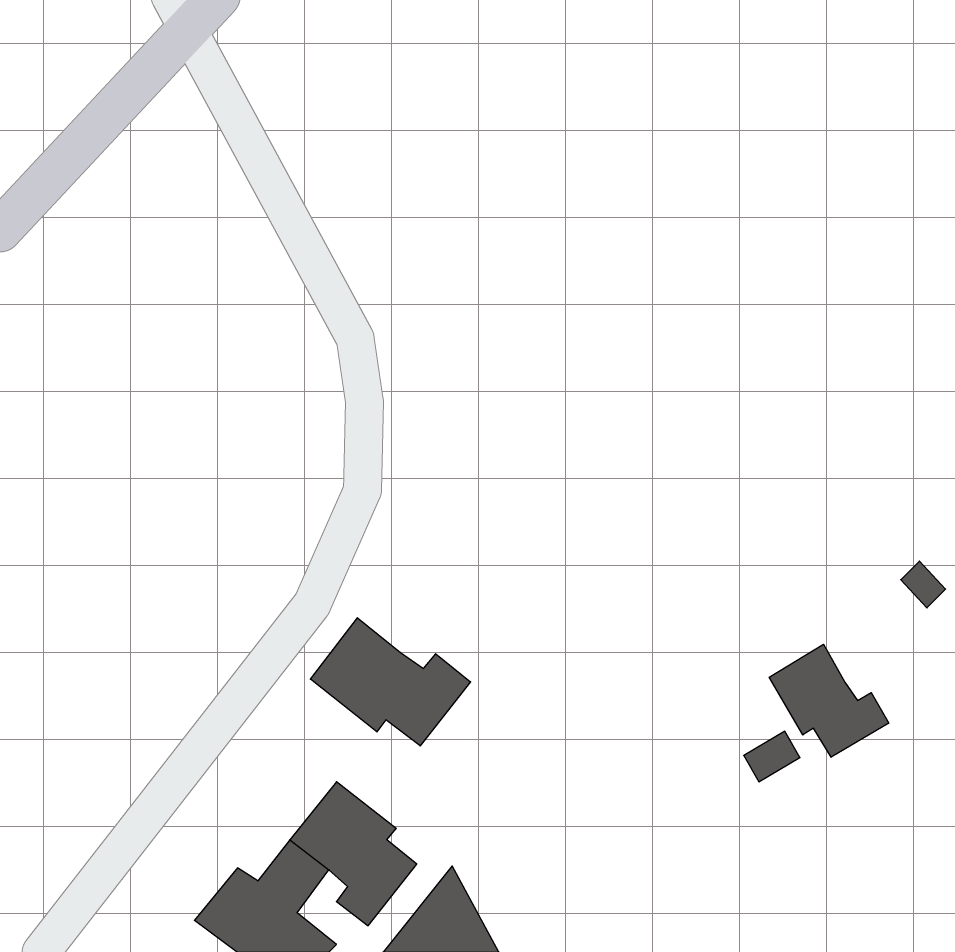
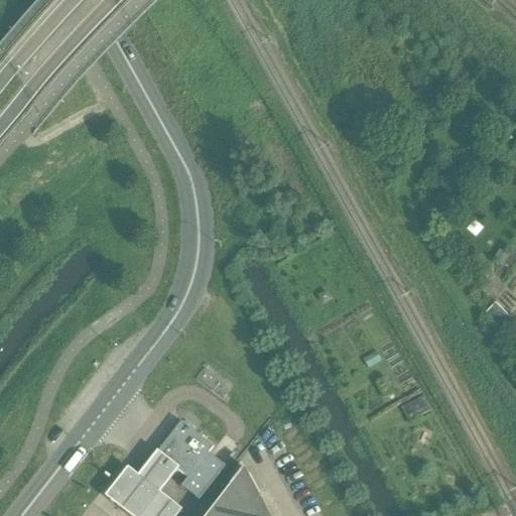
building: [310,618,471,746] -> none
building: [769,644,889,757] -> none

